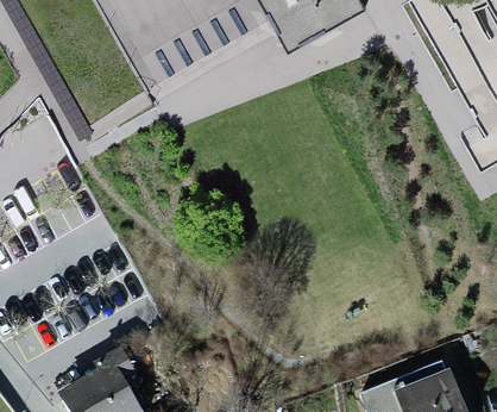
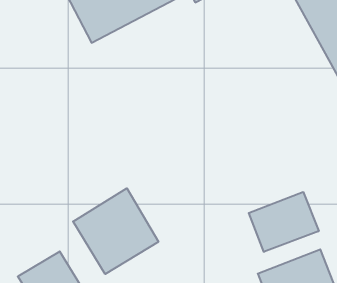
building: none -> [73,188,158,274]
building: none -> [249,192,319,252]

